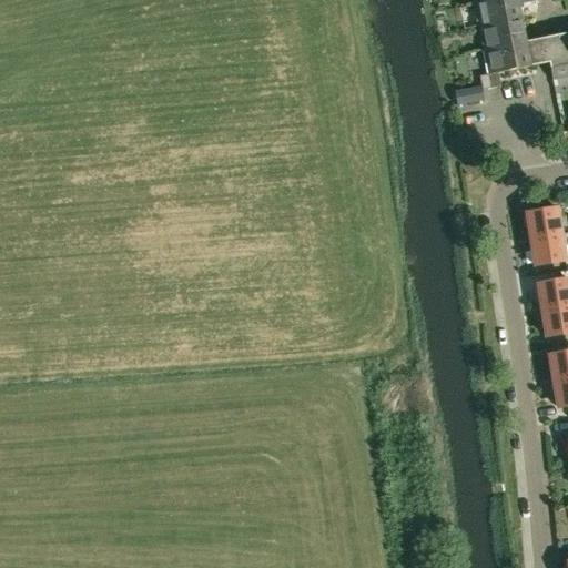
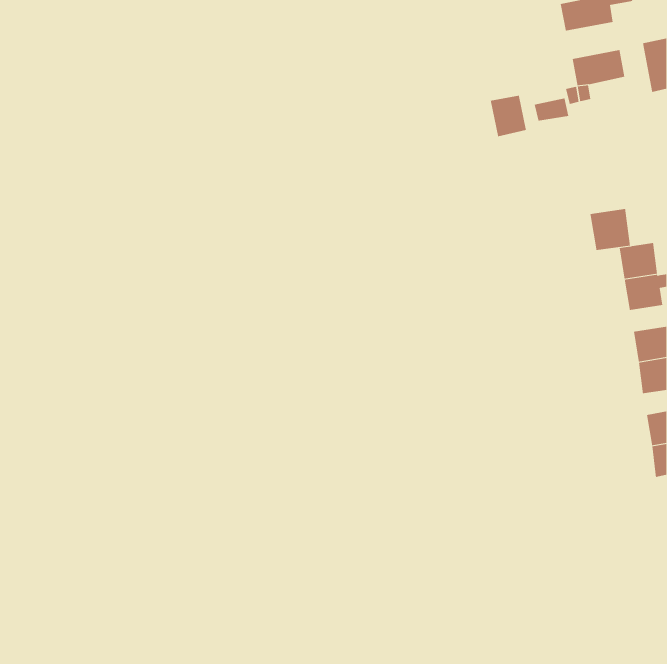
building: [480,19,527,50] -> none
building: none -> [490,95,526,137]
building: none -> [590,208,631,251]

